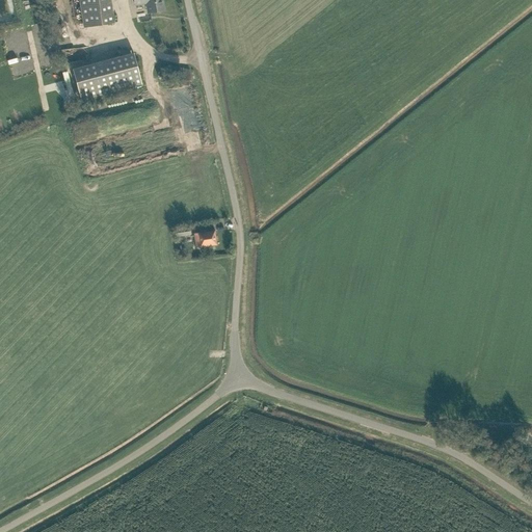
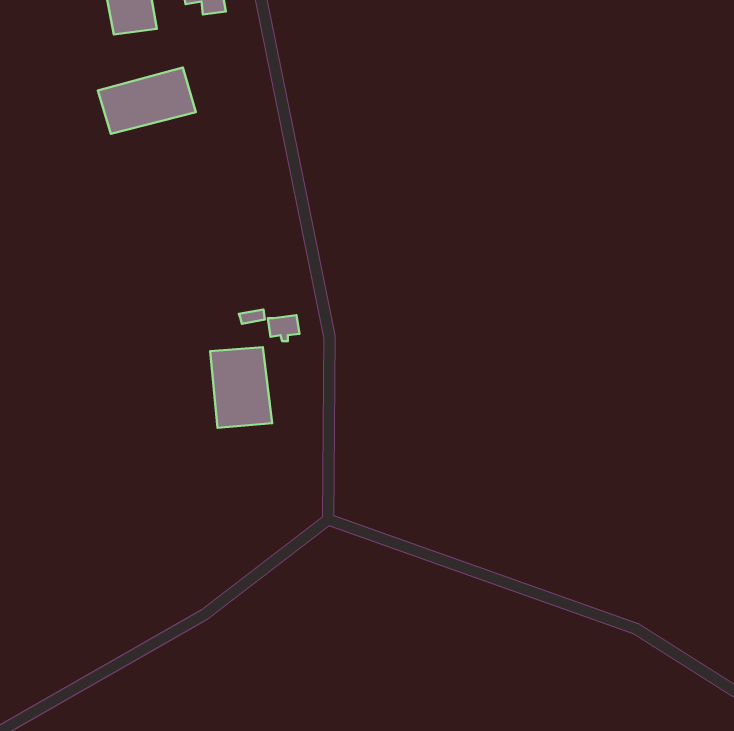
building: none -> [210,347,272,428]

